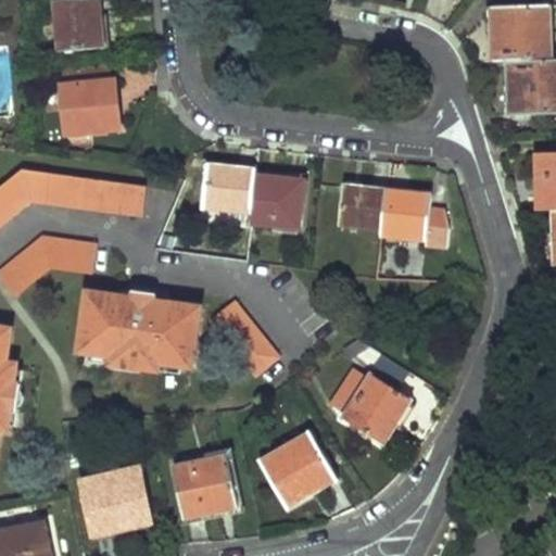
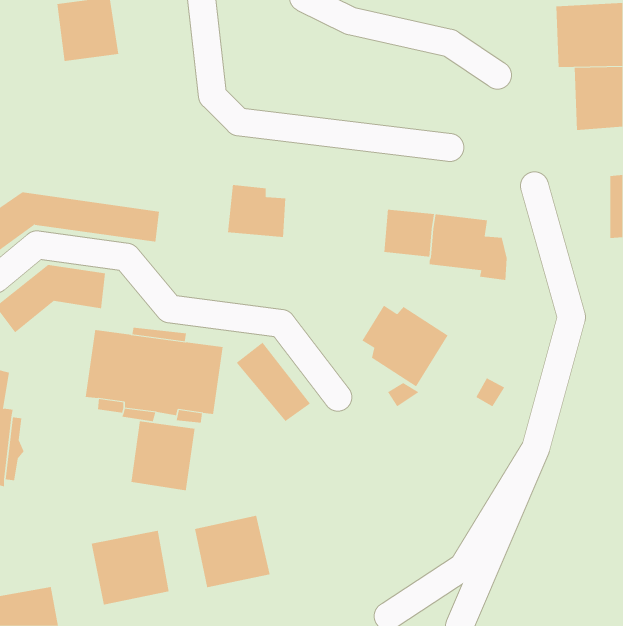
building: [56,65,119,138] -> none
building: [249,175,303,227] -> none
building: [336,370,413,443] -> [361,305,449,387]
building: none -> [131,420,195,491]
building: [261,433,334,507] -> none

